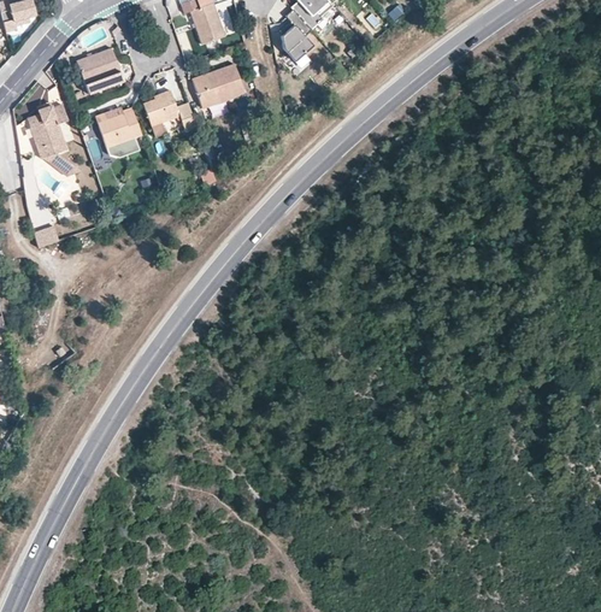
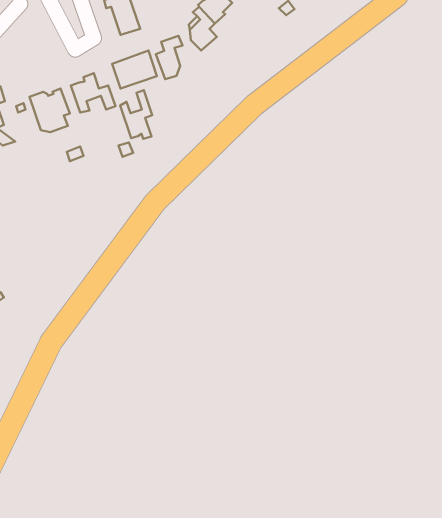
building: none -> [156,36,182,79]
building: [76,48,123,93] -> none
building: none -> [120,90,152,139]

